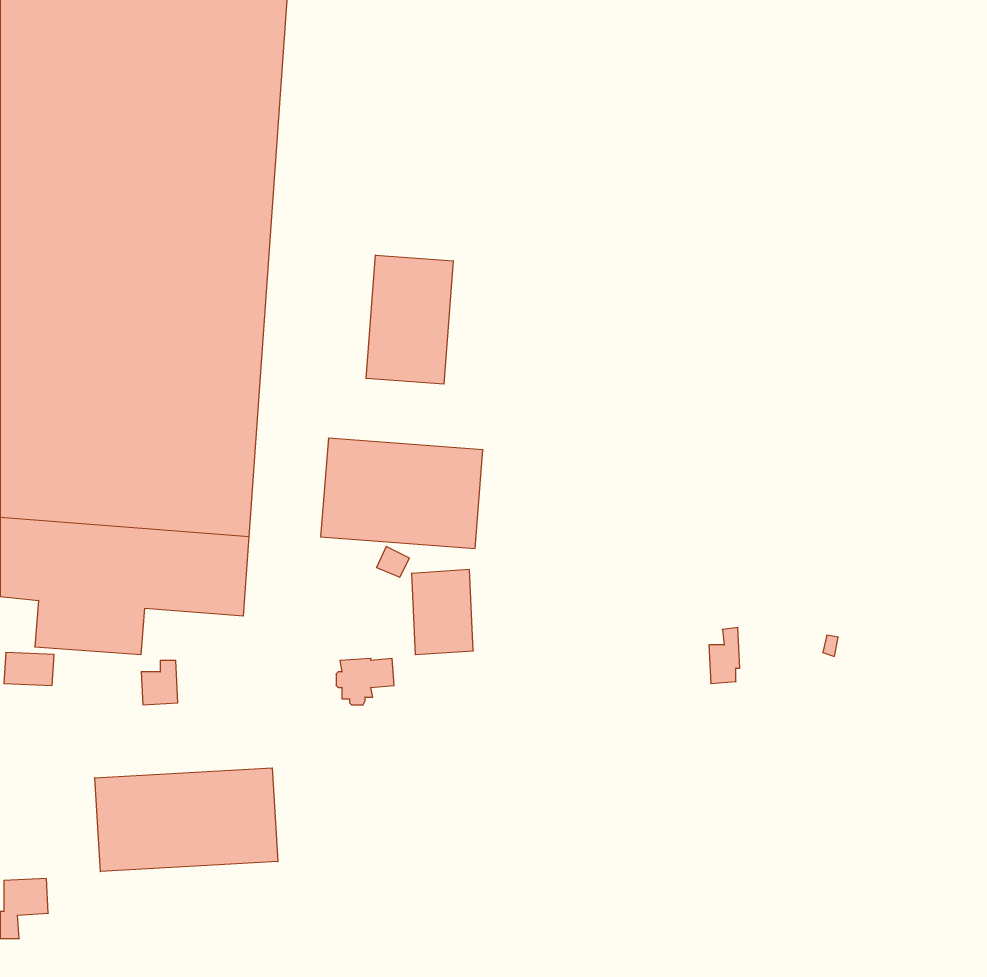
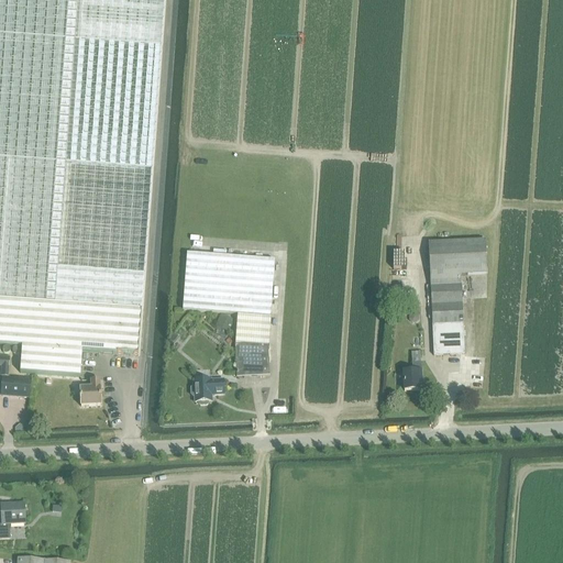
building: [366,255,453,384] -> none
building: none -> [429,238,487,351]
building: [95,768,278,872] -> none

